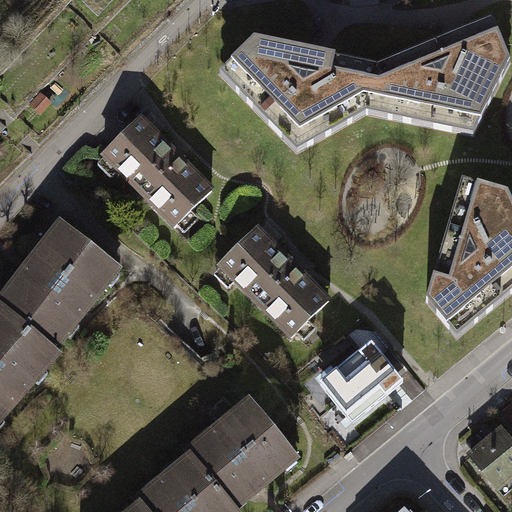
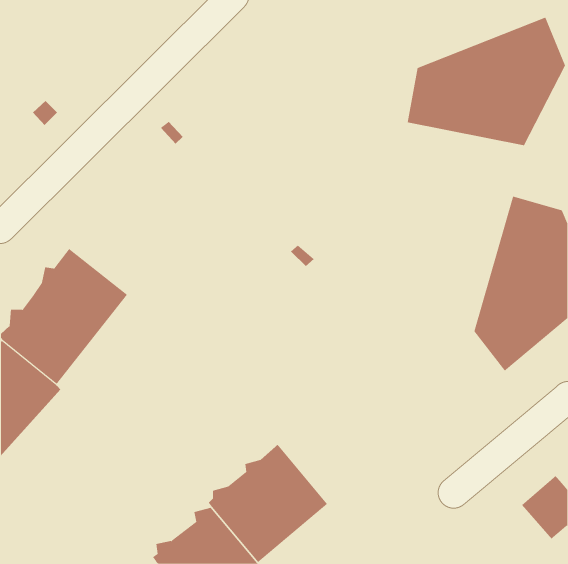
building: [219,37,375,148] -> none
building: [102,117,211,224] -> none
building: [219,227,327,334] -> none
building: [319,338,404,421] -> none

